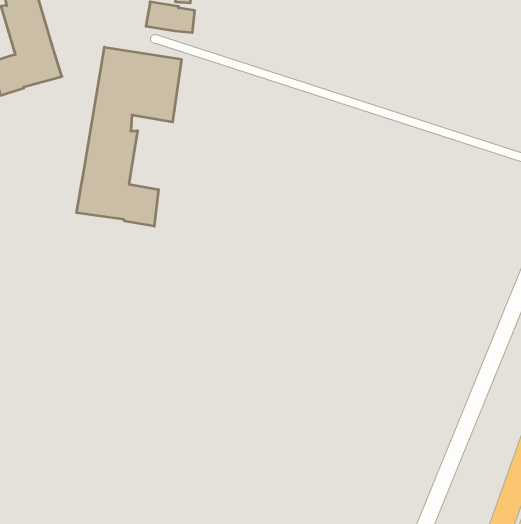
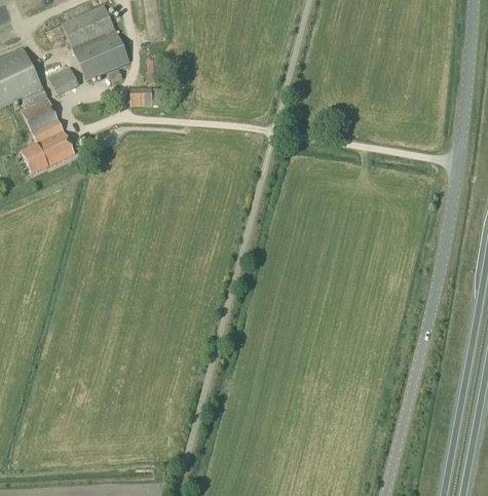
building: [77,47,181,226] -> none

